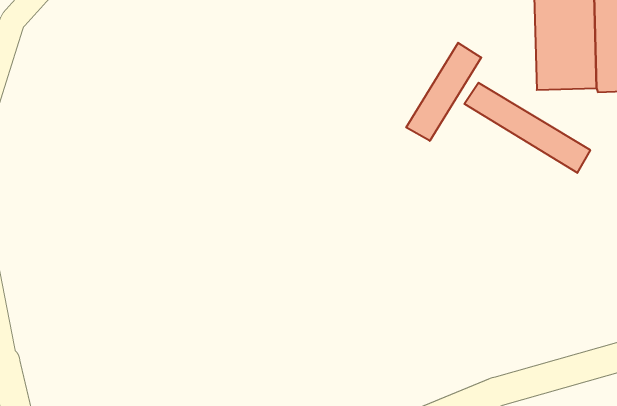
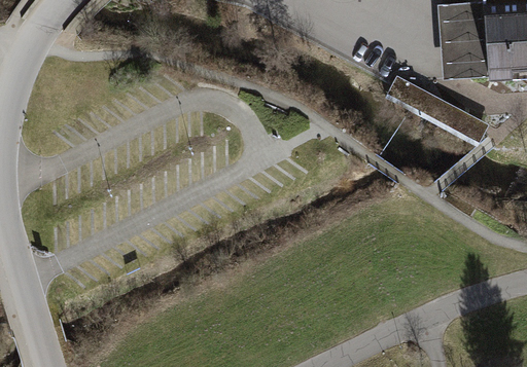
building: [406,43,481,141] -> none

